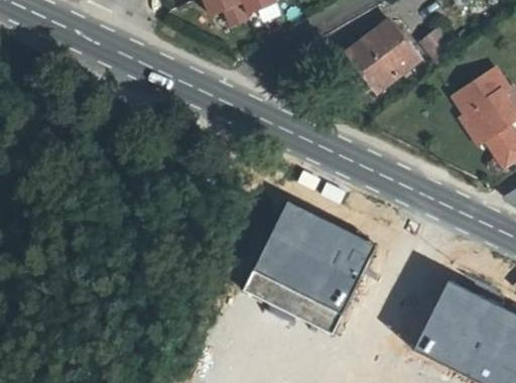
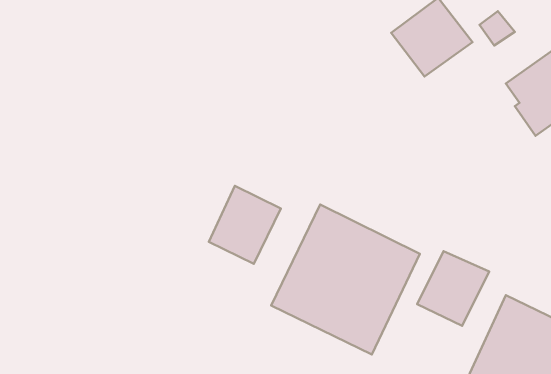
building: none -> [209,186,281,264]
building: none -> [417,251,489,326]

